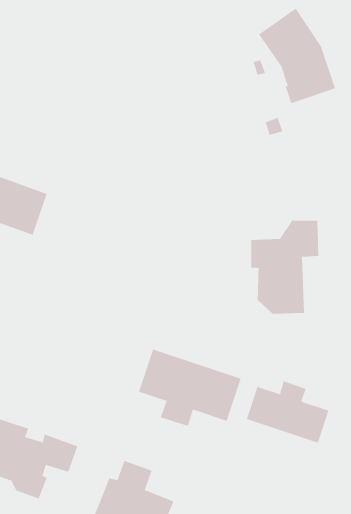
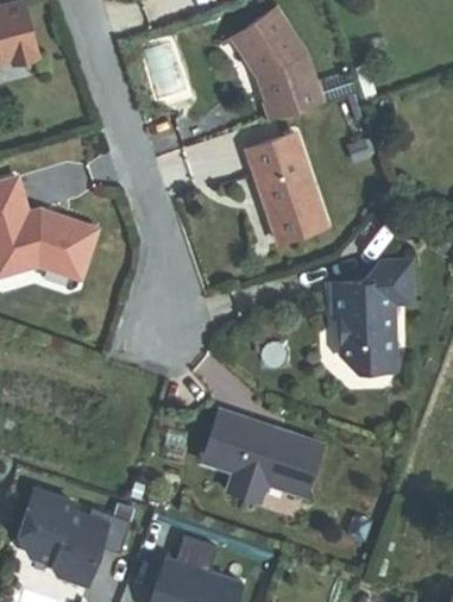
building: [258,8,336,104] -> [232,10,322,121]
building: none -> [246,133,325,242]
building: [246,381,329,444] -> none

